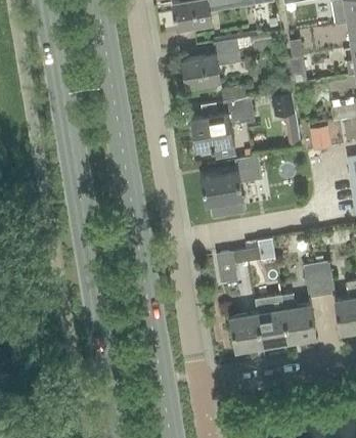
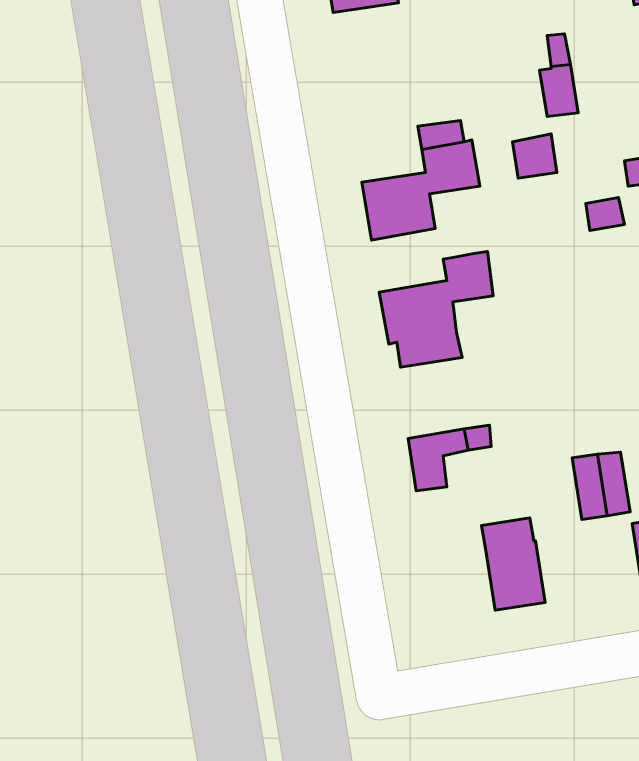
building: [182,39,241,87] -> none
building: [281,295,316,342] -> none
building: [230,313,263,351] -> none

